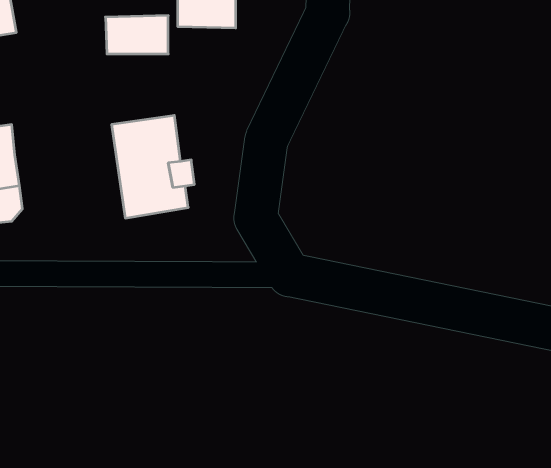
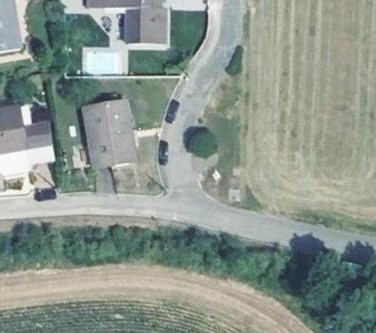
building: none -> [20,123,55,163]

